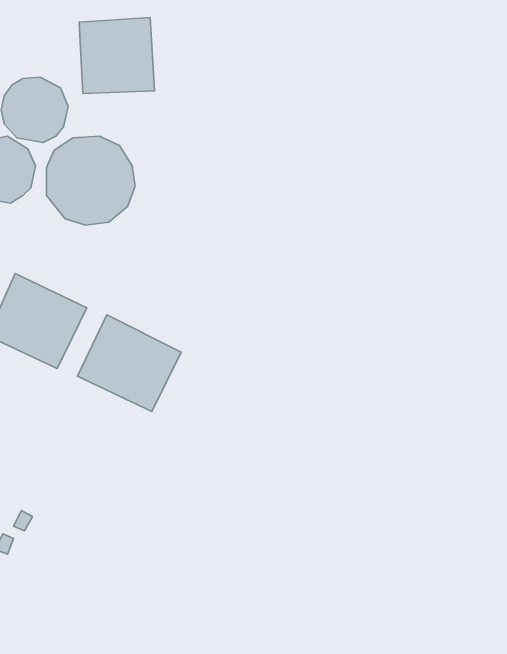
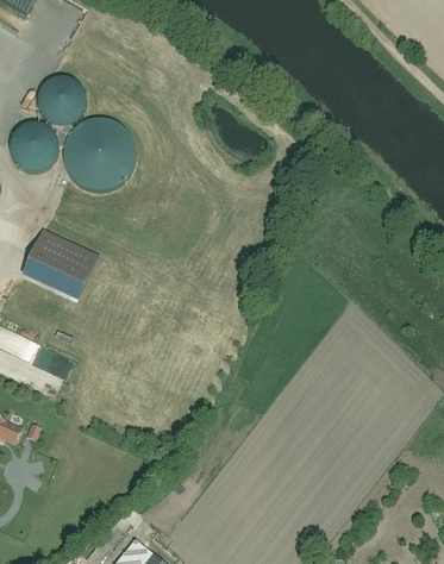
building: [79,17,155,94] -> none
building: [78,315,181,411] -> none

